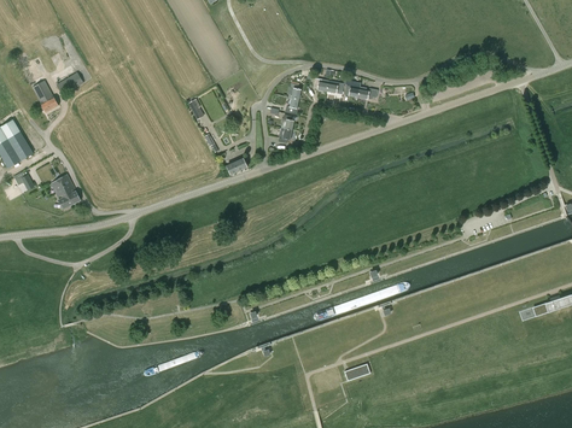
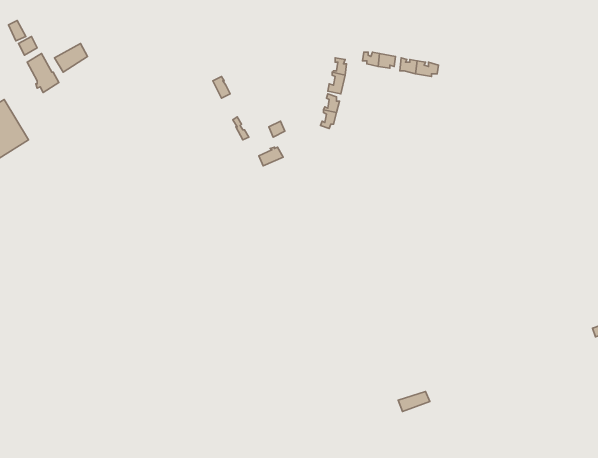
building: [51,172,81,209] -> none

